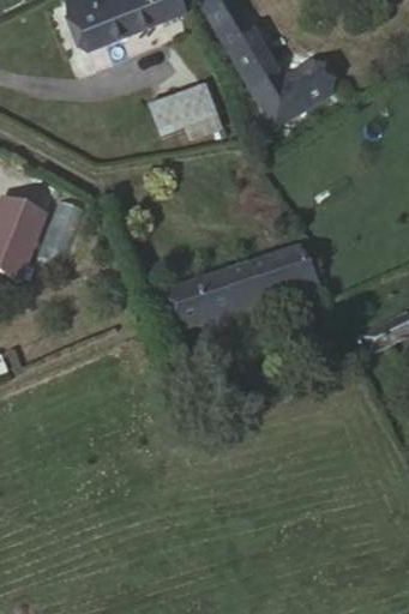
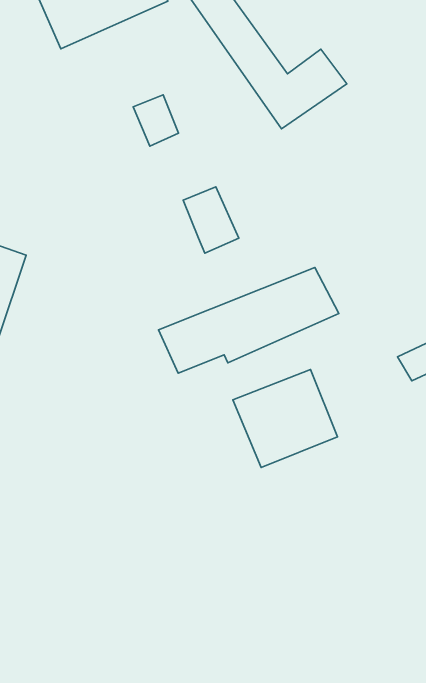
building: [176,82,222,138] -> [183,187,239,253]
building: none -> [233,370,338,467]

